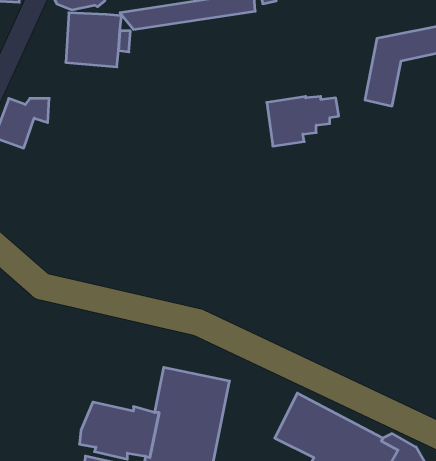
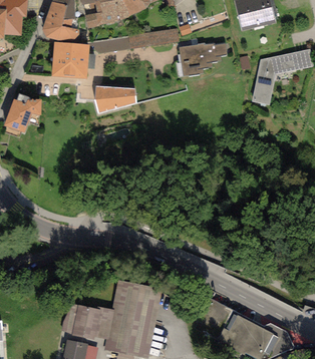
building: none -> [93,85,135,113]
building: [267,96,339,146] -> [179,42,227,75]

